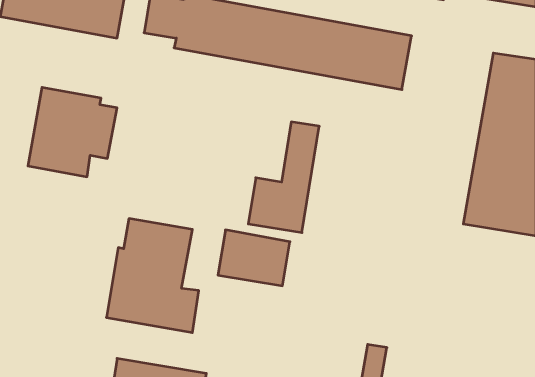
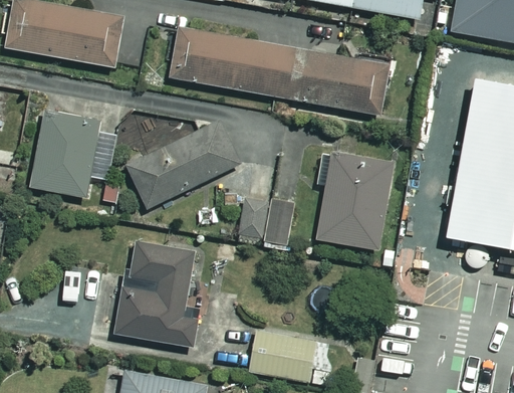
building: none -> [134,122,247,207]
building: none -> [302,152,402,250]
building: [218,230,290,286] -> [247,327,314,379]

